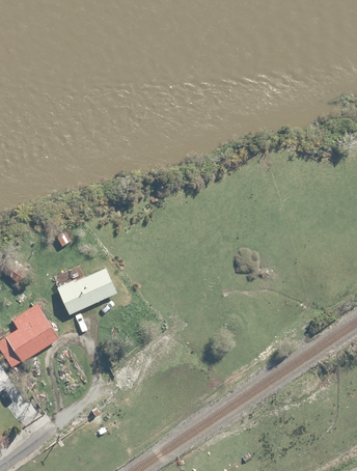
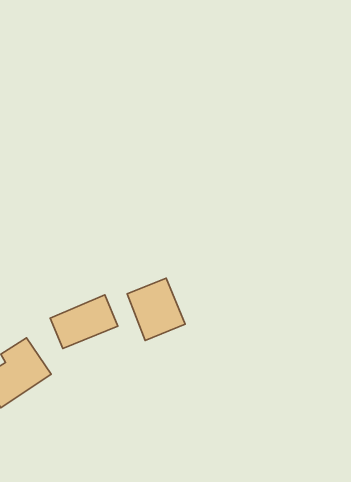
building: none -> [127,278,185,340]

